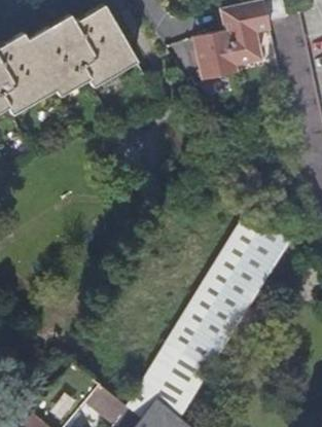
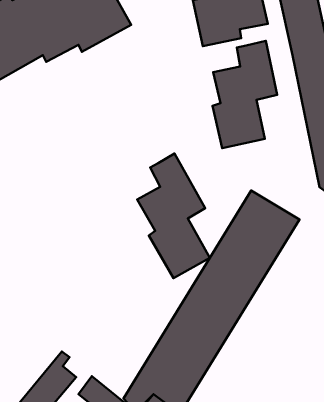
building: none -> [213,41,277,148]
building: none -> [137,153,210,278]

